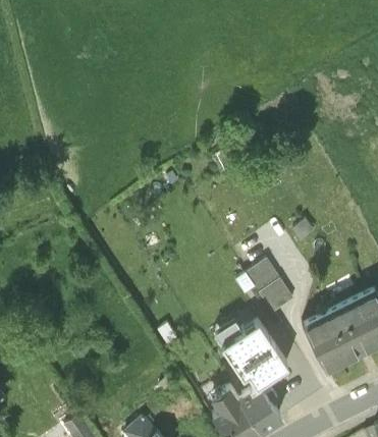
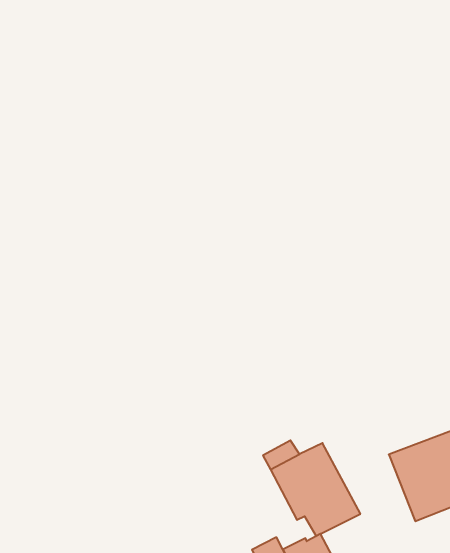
building: [247,262,291,312] -> none

